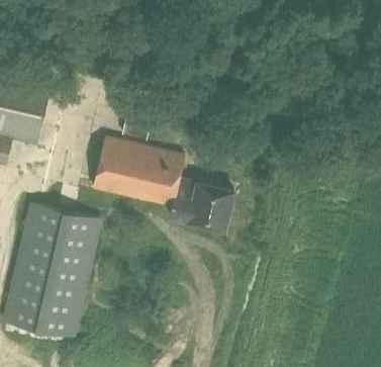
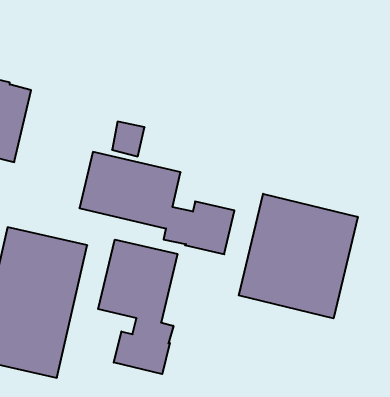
building: none -> [239,194,358,318]
building: none -> [98,240,177,374]

